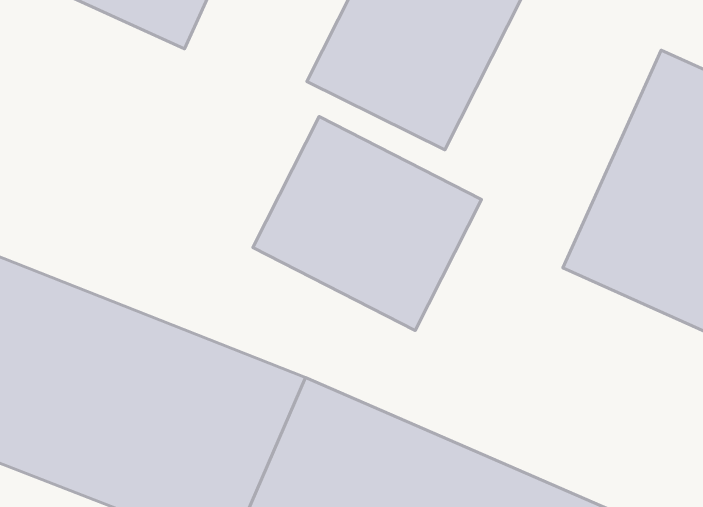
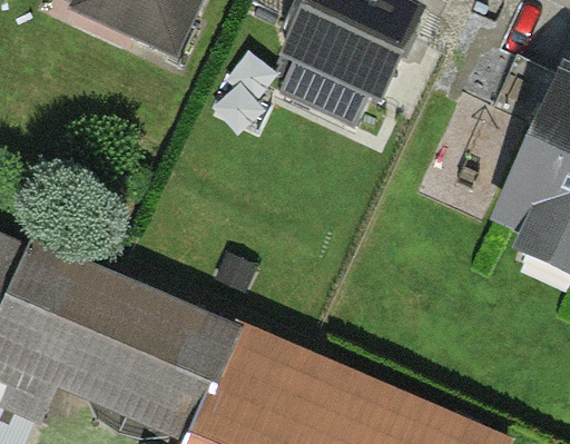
building: [253,116,481,331] -> none

